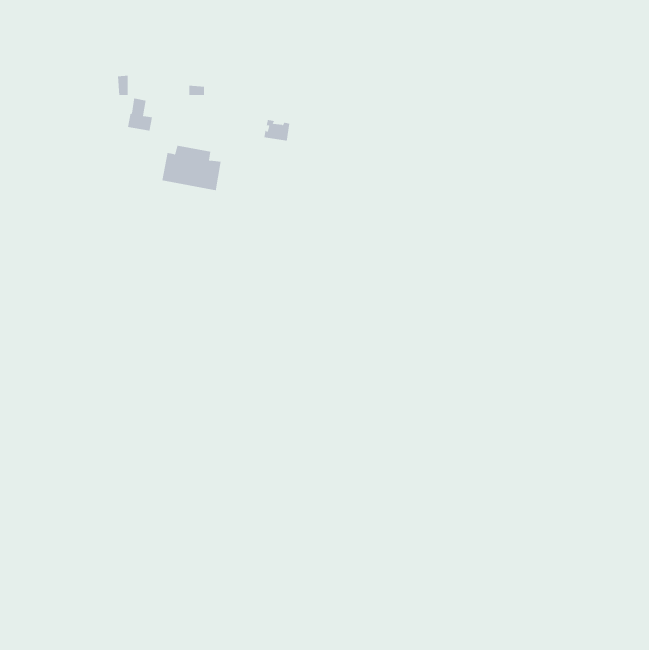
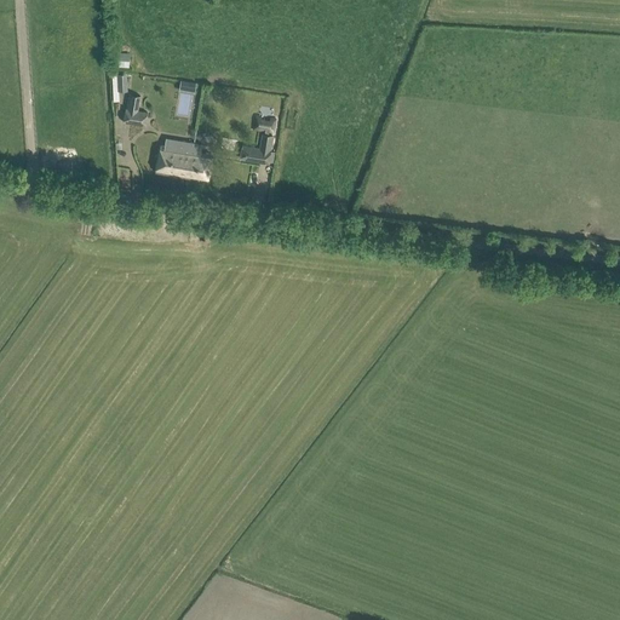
building: none -> [239,133,271,163]

